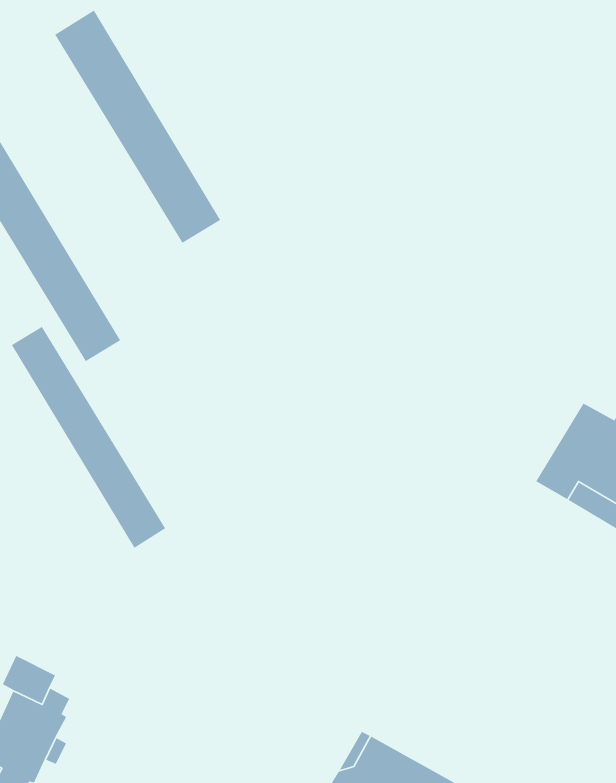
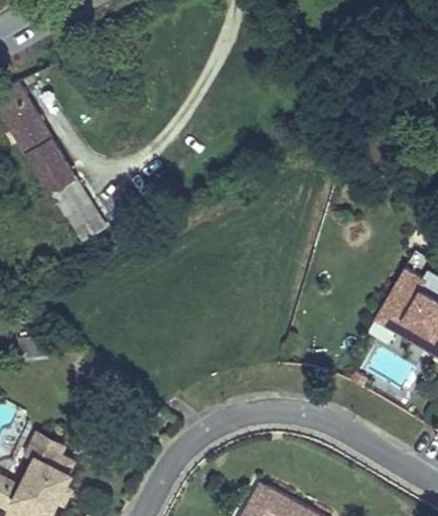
building: [54,10,221,244] -> none
building: [11,326,166,549] -> none

